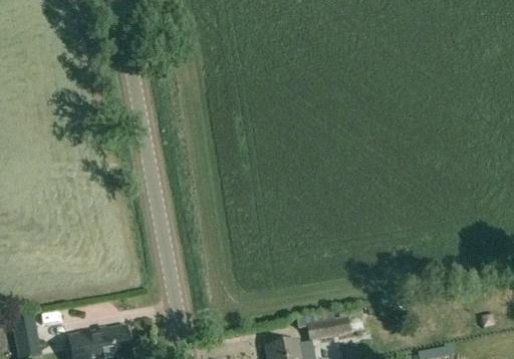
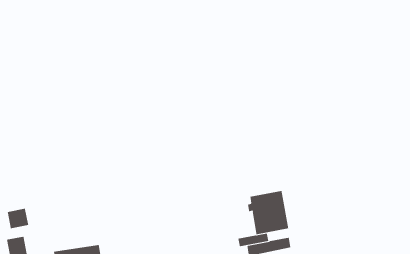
building: none -> [248,190,289,235]
building: none -> [7,208,29,229]

